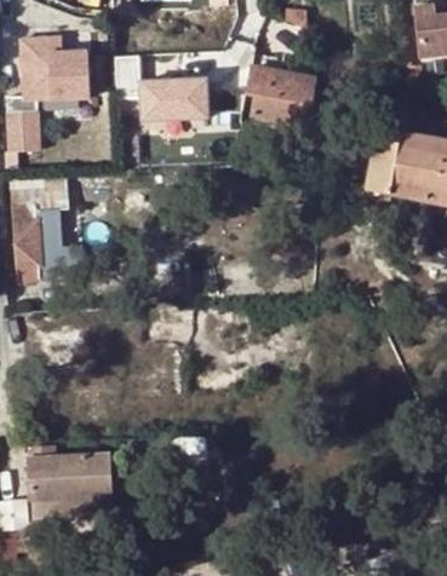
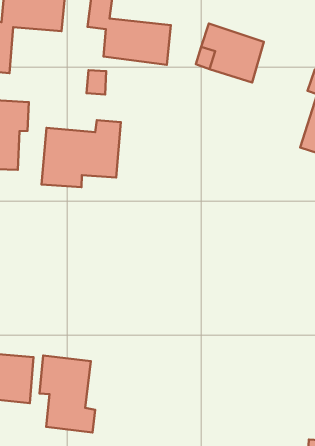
building: none -> [42,120,121,187]
building: none -> [39,355,95,433]

